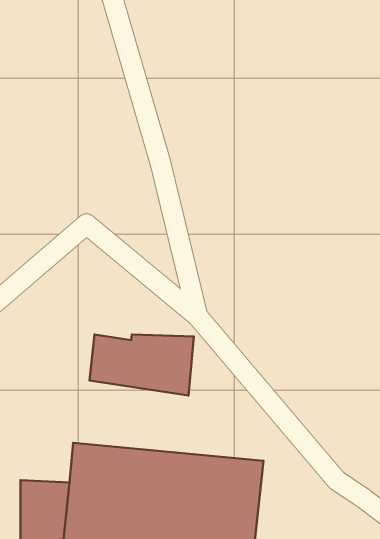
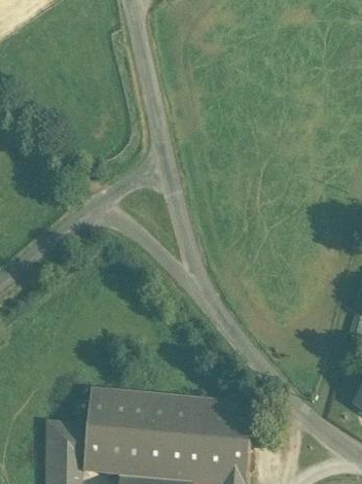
building: [89,334,194,395] -> none

